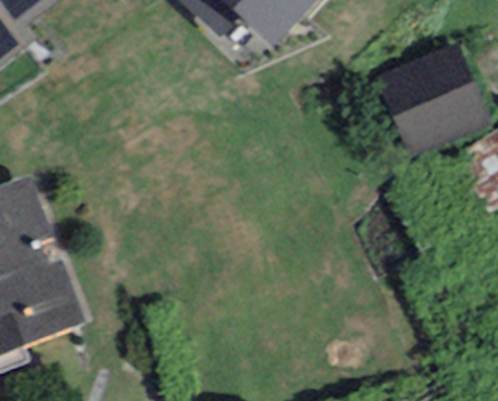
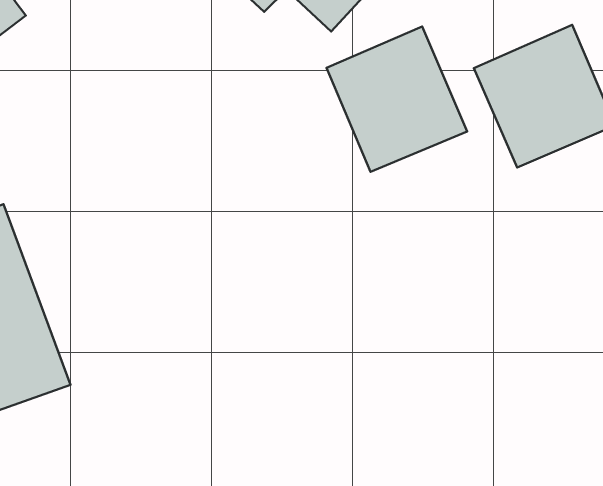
building: none -> [327,27,467,172]

